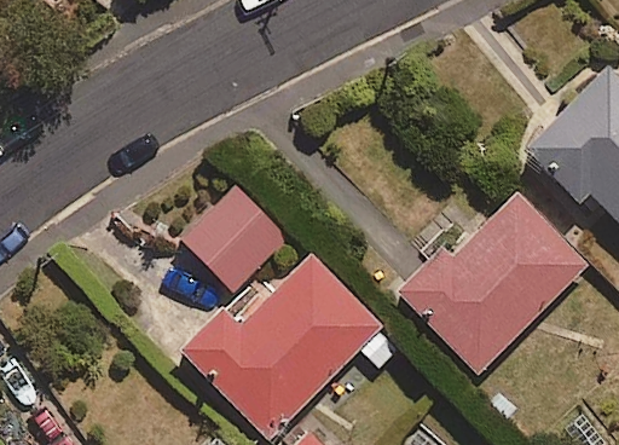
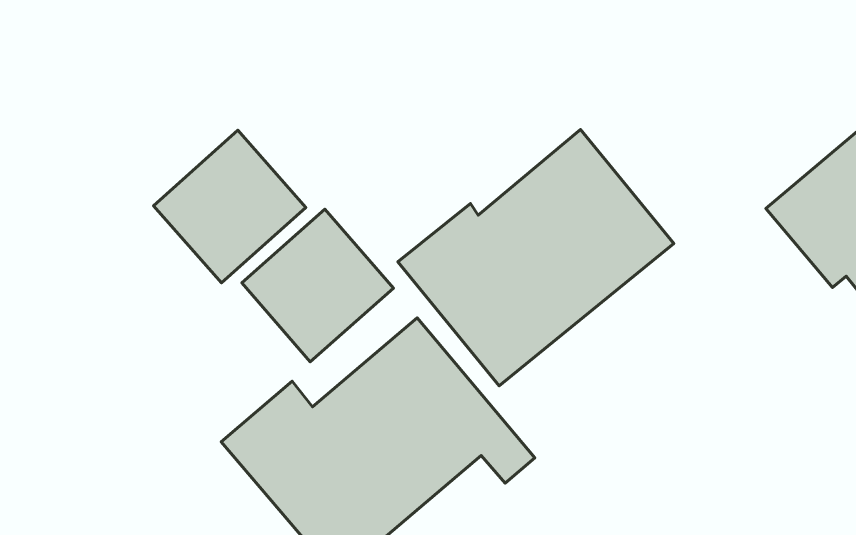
building: none -> [154,130,306,283]
building: [404,195,589,374] -> [398,129,674,386]

